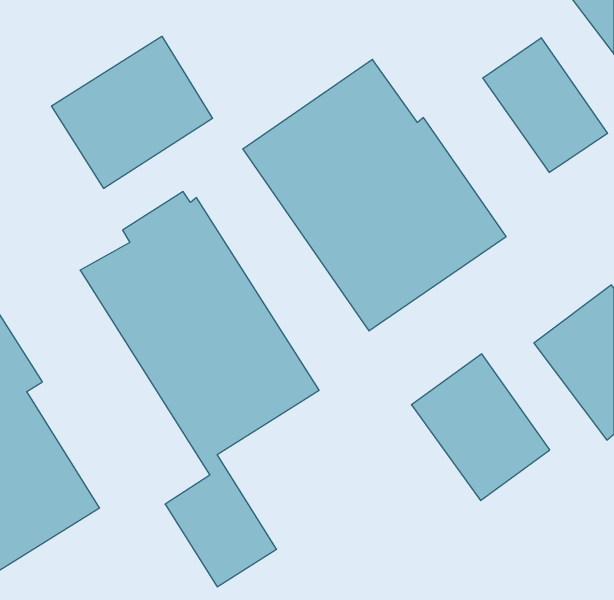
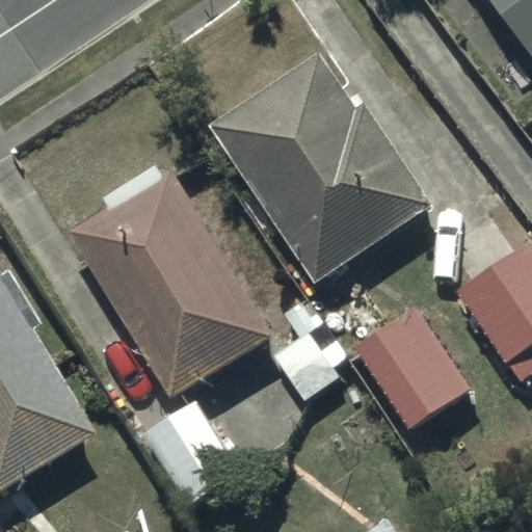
building: [52,36,213,188] -> none
building: [483,38,607,172] -> none

